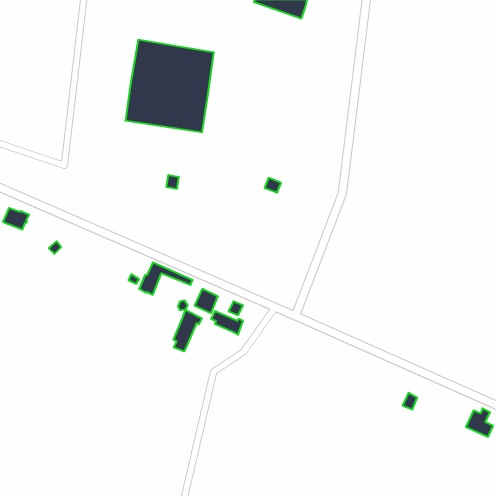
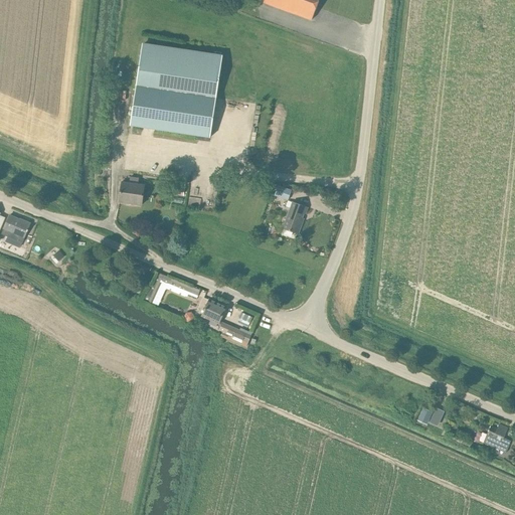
building: none -> [119,176,145,205]
building: none -> [283,201,309,233]
building: [173,310,202,351] -> none

